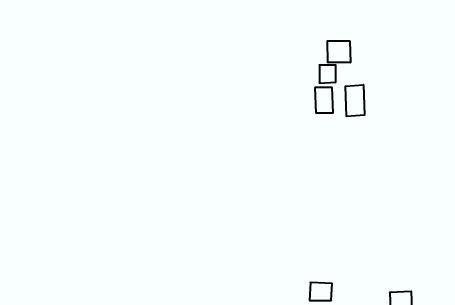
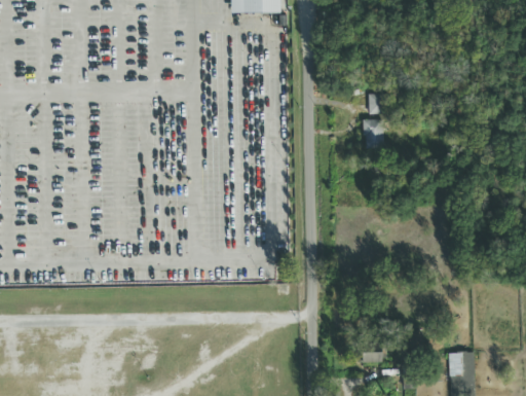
building: [327,41,350,63] -> none
building: [345,85,364,116] -> none

